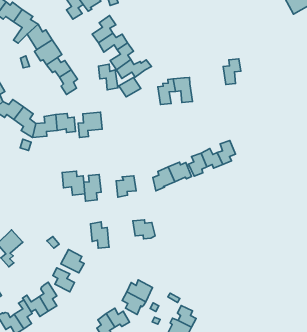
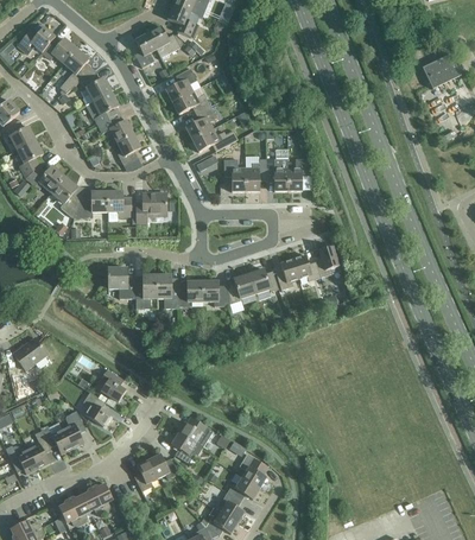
building: [223,59,241,84] -> [286,158,309,190]
building: [99,64,118,90] -> [222,158,245,191]
building: [133,220,155,239] -> [201,280,228,305]
building: [91,222,109,248] -> [156,273,177,307]

